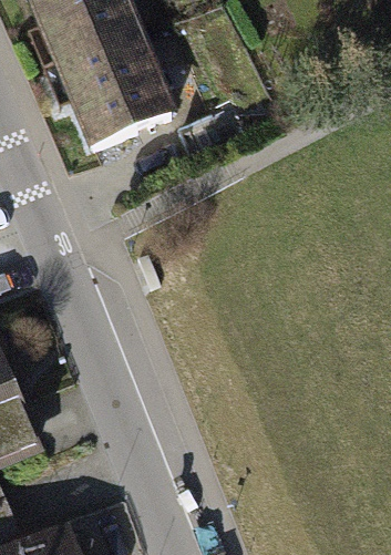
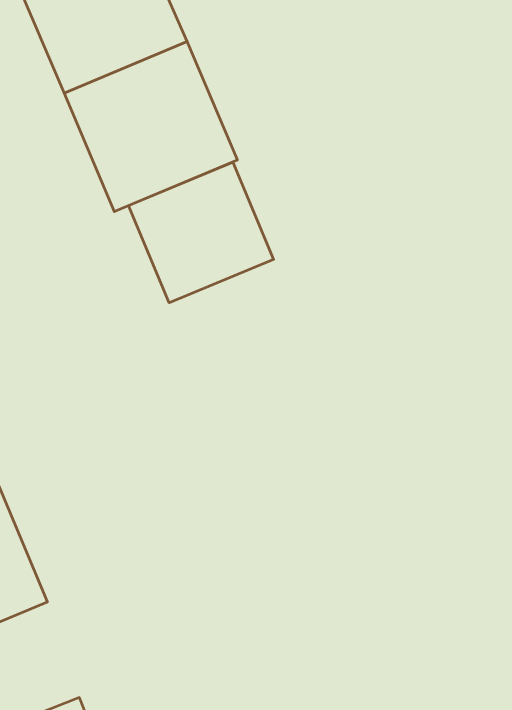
building: none -> [128,162,274,303]

